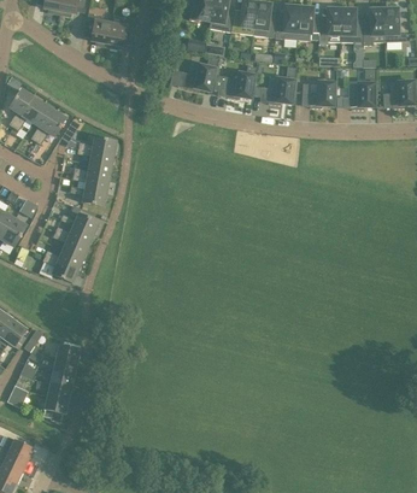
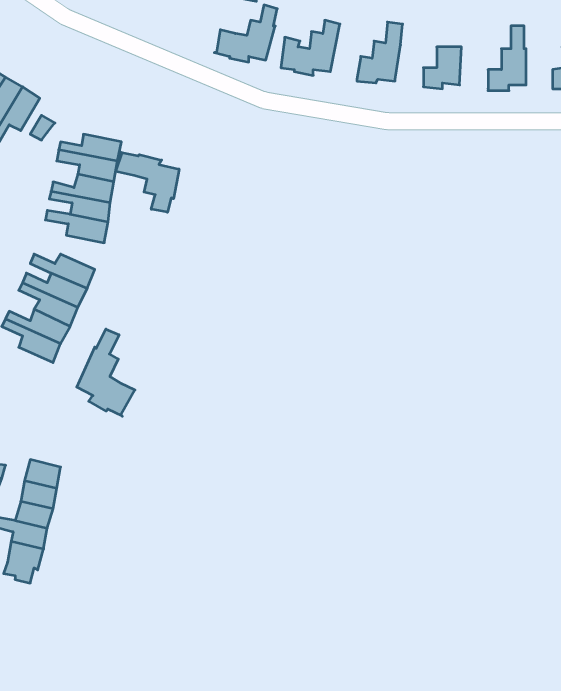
building: none -> [116,152,179,212]
building: none -> [77,329,135,416]

